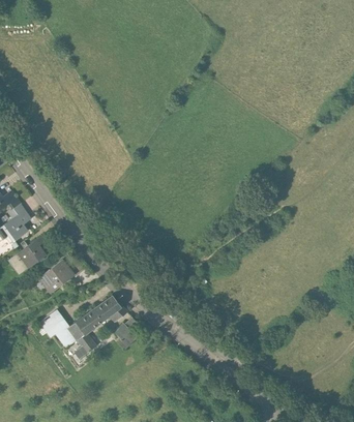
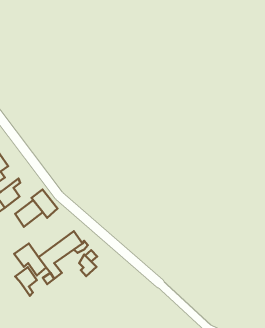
building: none -> [32,189,57,218]
building: none -> [15,267,37,296]

